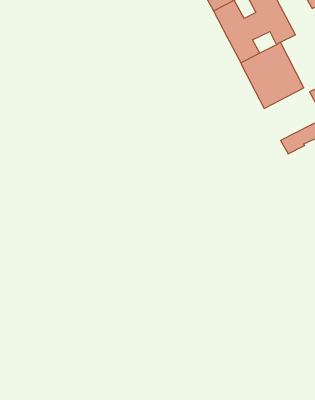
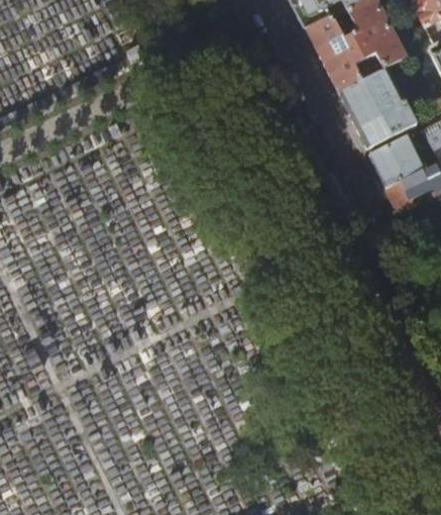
building: none -> [369,134,424,187]

